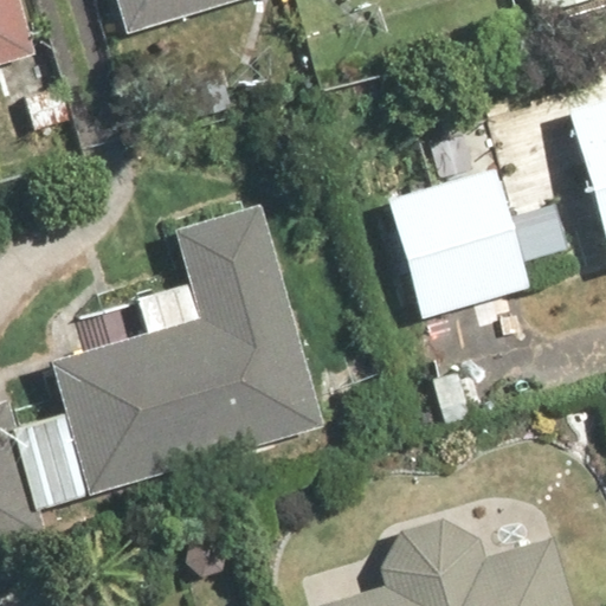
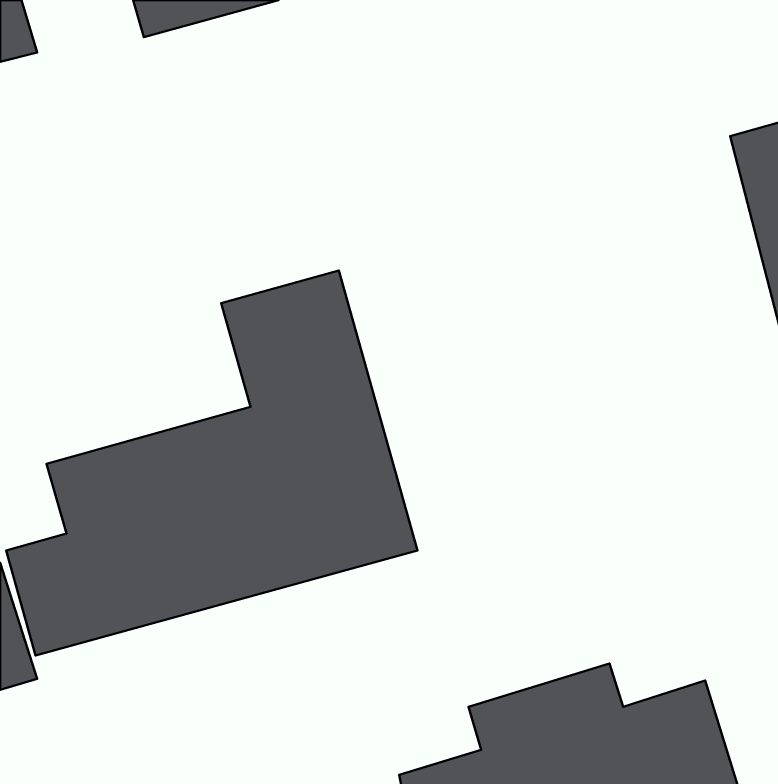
building: [383,167,528,322] -> none

